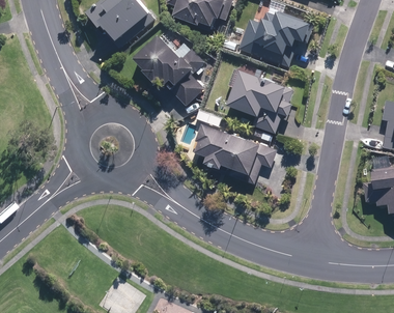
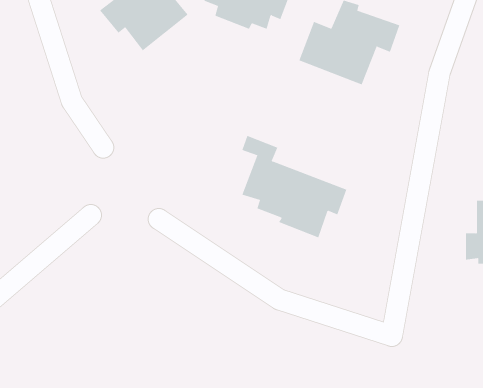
building: [137,33,207,105] -> none
building: [226,63,294,134] -> none

